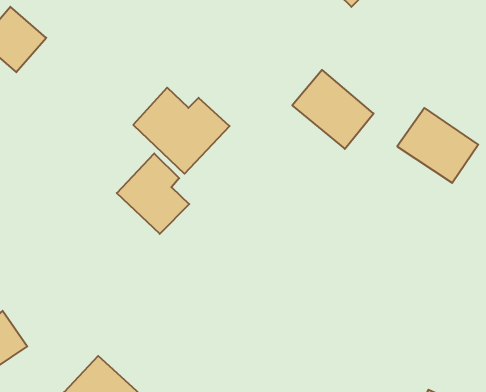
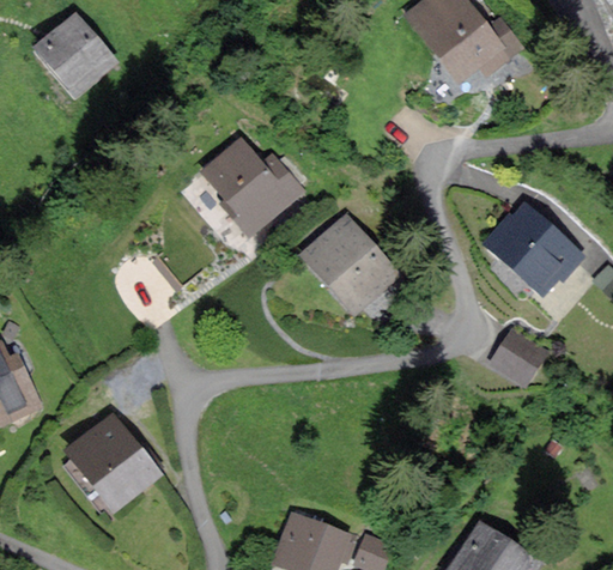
building: [292,70,374,149] -> [305,217,395,309]
building: [117,153,189,234] -> none
building: none -> [493,328,545,381]

